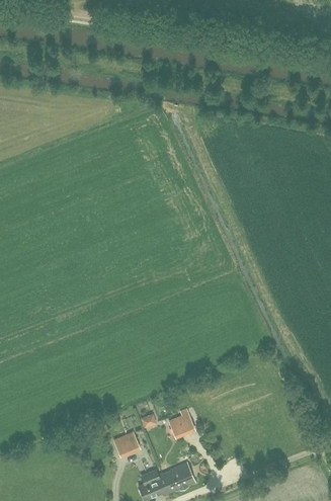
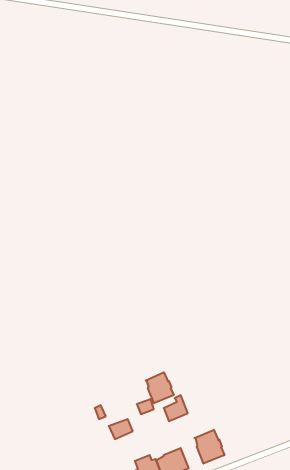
building: none -> [146,372,174,403]
building: none -> [194,430,224,464]

